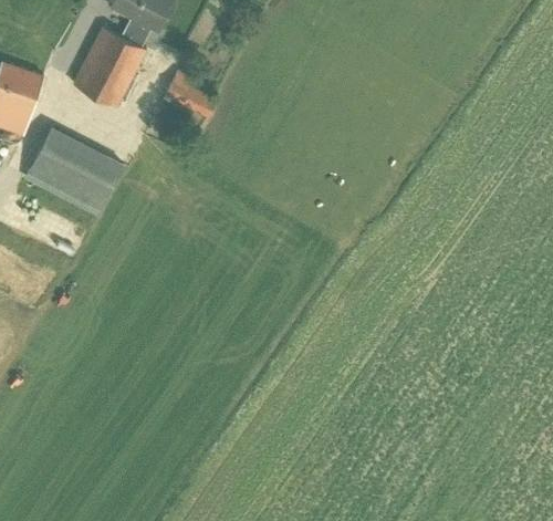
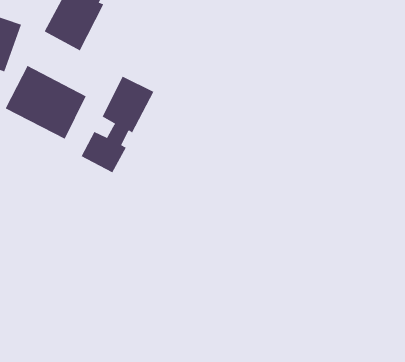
building: [165,72,218,119] -> none
building: none -> [81,76,154,173]

